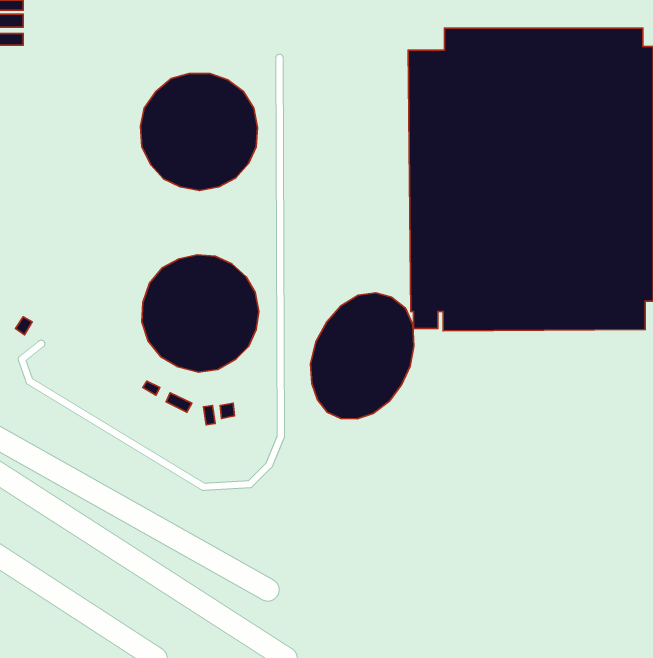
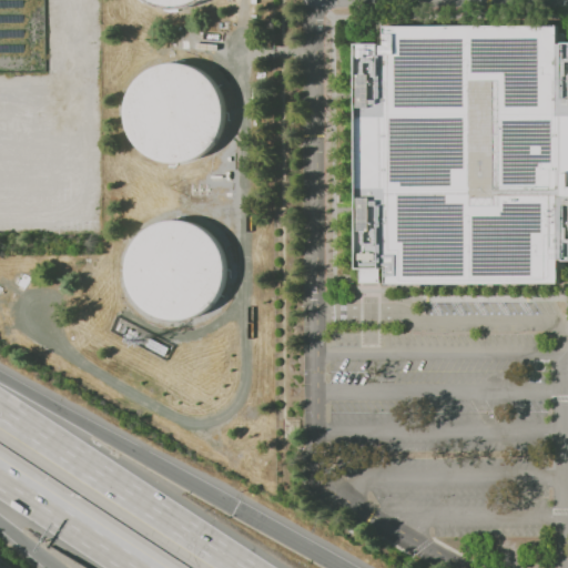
building: [310,293,414,419] -> none

